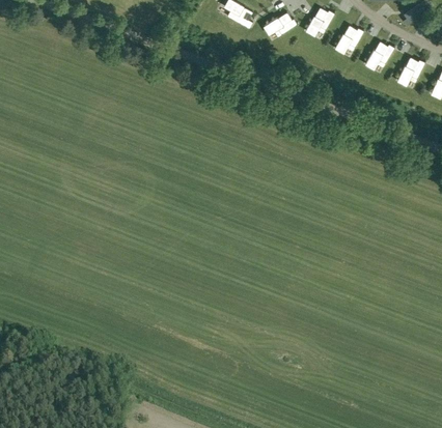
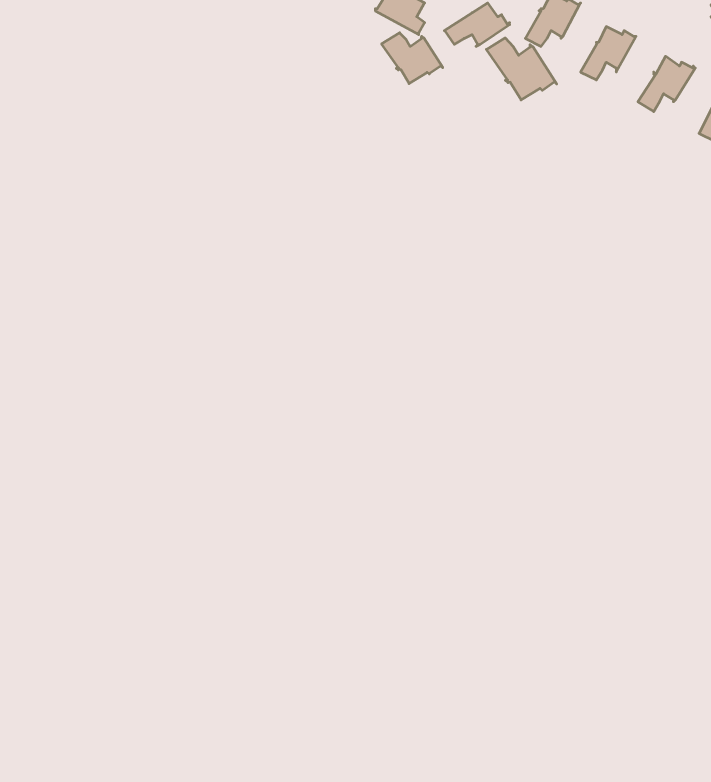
building: none -> [382,33,443,84]
building: none -> [486,38,557,100]

